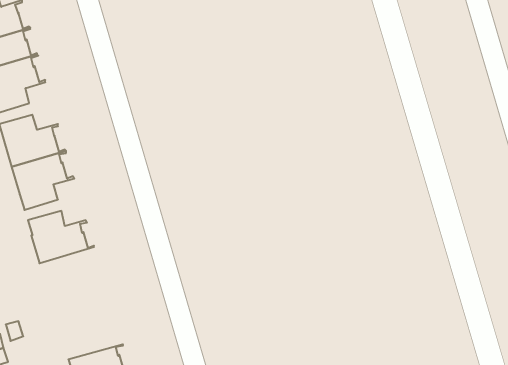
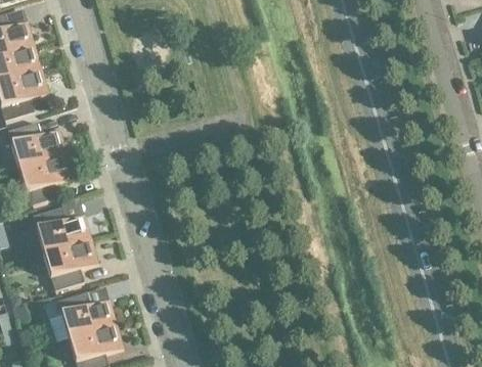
building: none -> [43,239,98,291]
building: none -> [57,292,117,338]

